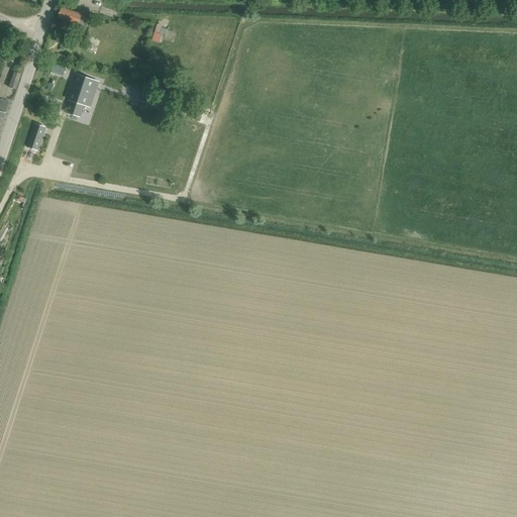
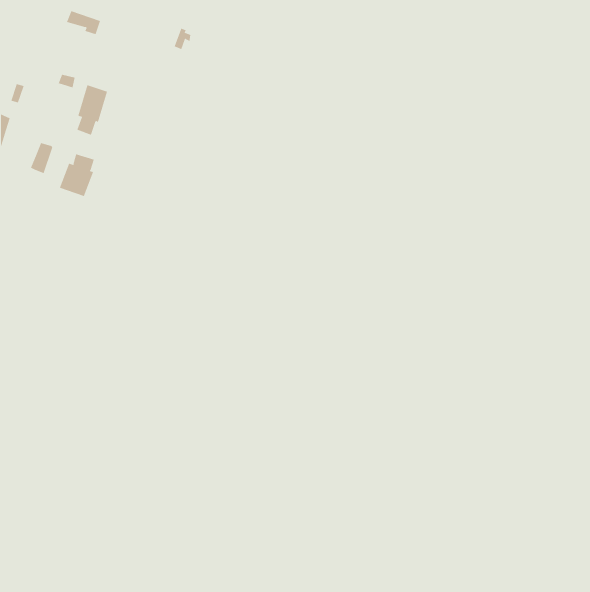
building: none -> [59,153,94,197]

